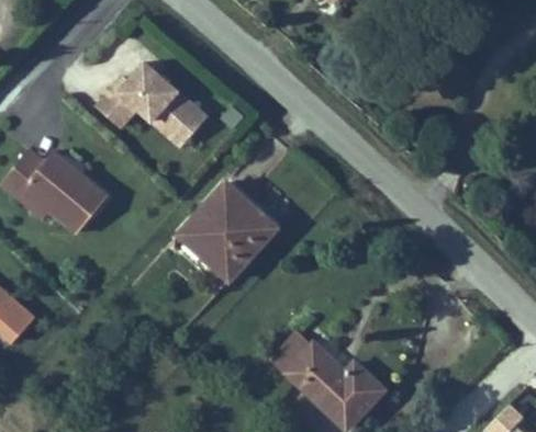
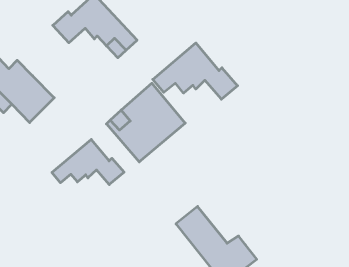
building: none -> [153,43,238,99]
building: none -> [52,139,124,185]

